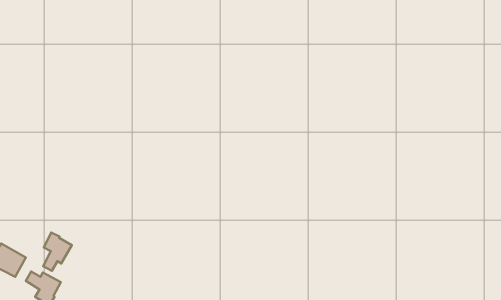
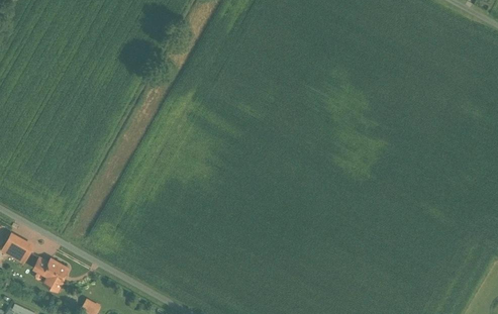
building: [43,232,72,271] -> none

